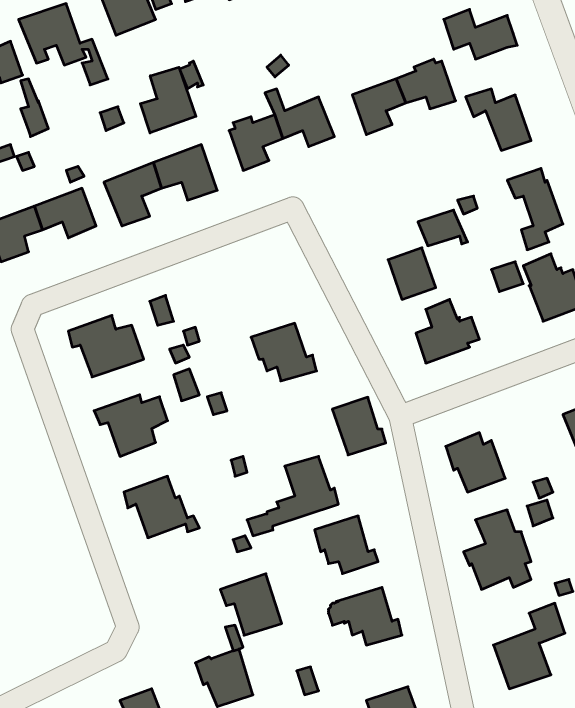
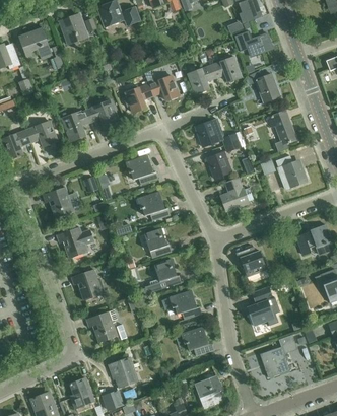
building: [140,67,196,133] -> none
building: none -> [195,119,220,147]
building: none -> [125,155,158,185]
building: [332,397,386,455] -> [143,228,171,258]
building: [220,574,282,635] -> [85,310,117,342]

